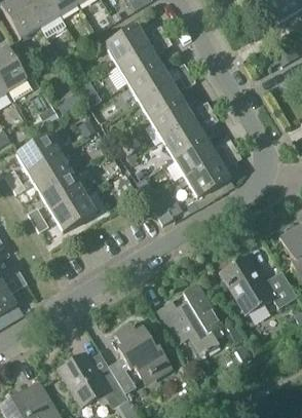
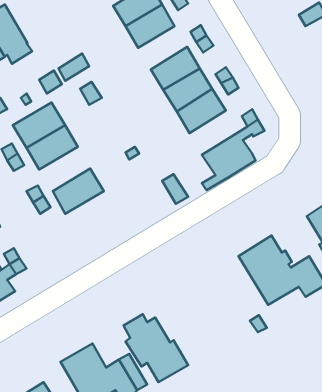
building: [128,64,173,103] -> none
building: [175,140,219,180] -> none
building: [39,173,85,213] -> none
building: [155,284,224,356] -> none

